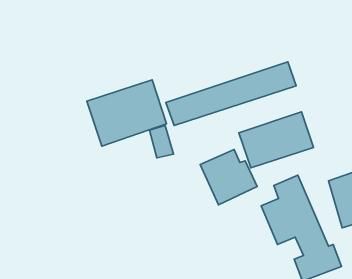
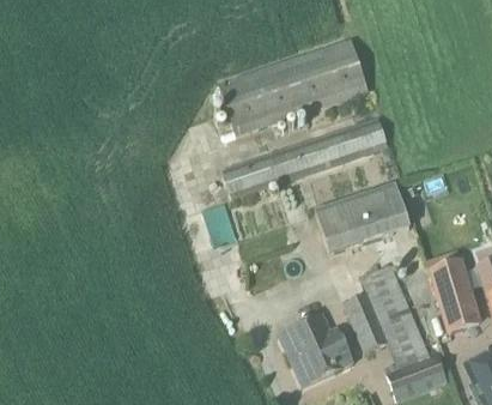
building: none -> [220,40,368,133]
building: [87,80,166,146] -> none
building: [200,150,257,205] -> [279,313,353,385]

